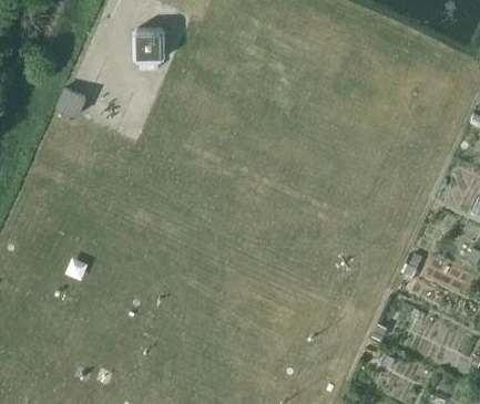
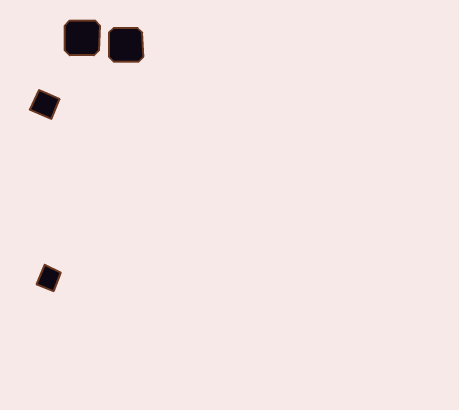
building: none -> [65,21,100,55]

